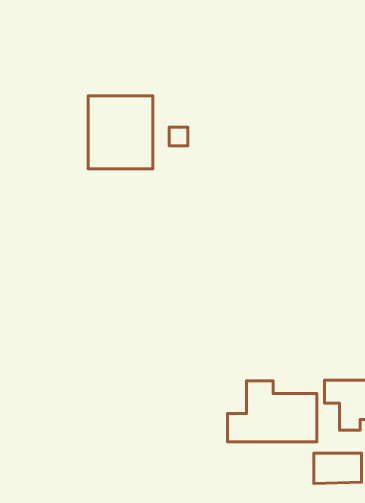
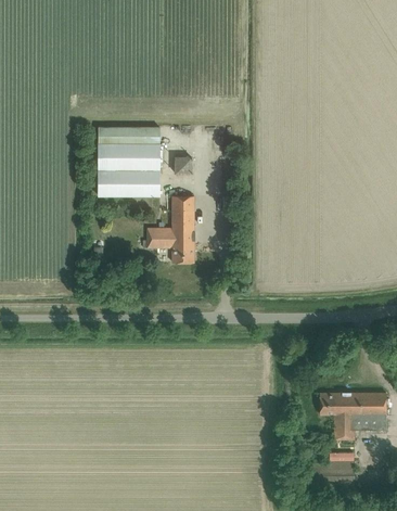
building: none -> [148,195,194,261]
building: [228,381,317,442] -> none

